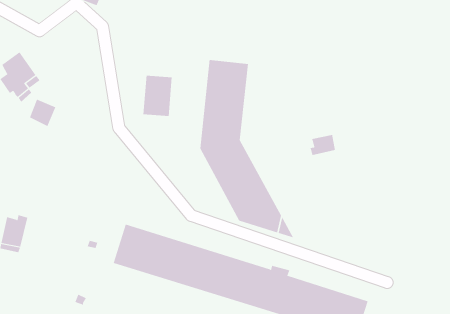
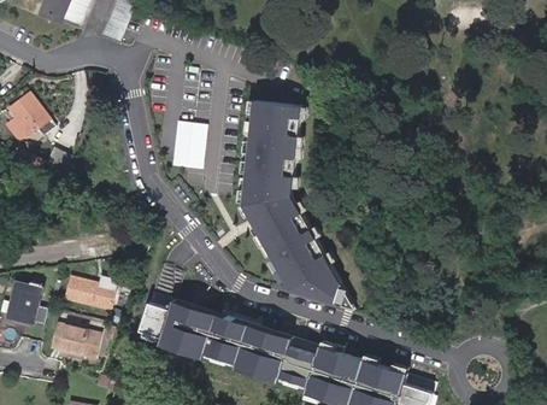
building: [310,134,336,156] -> none
building: none -> [64,275,114,310]
building: none -> [49,322,99,359]

